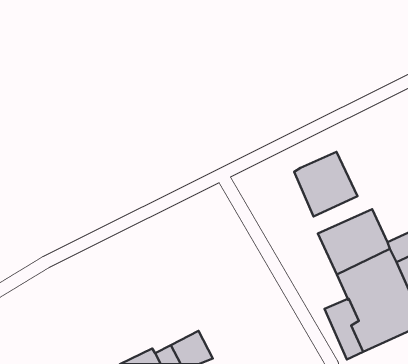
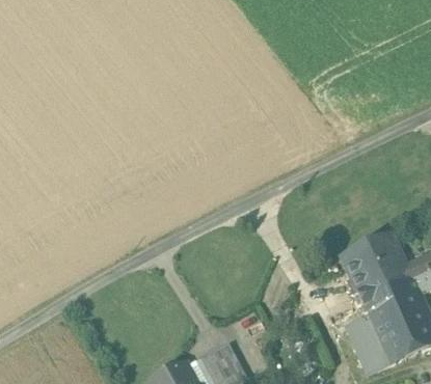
building: [294,152,357,216] -> none

